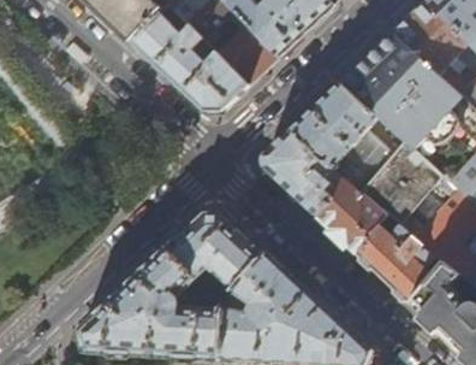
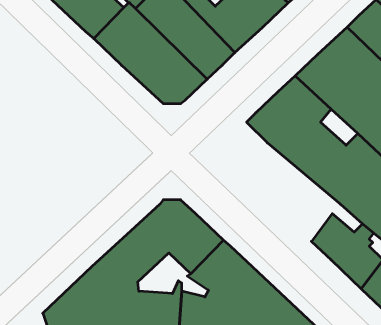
building: [268,129,389,253] -> none

